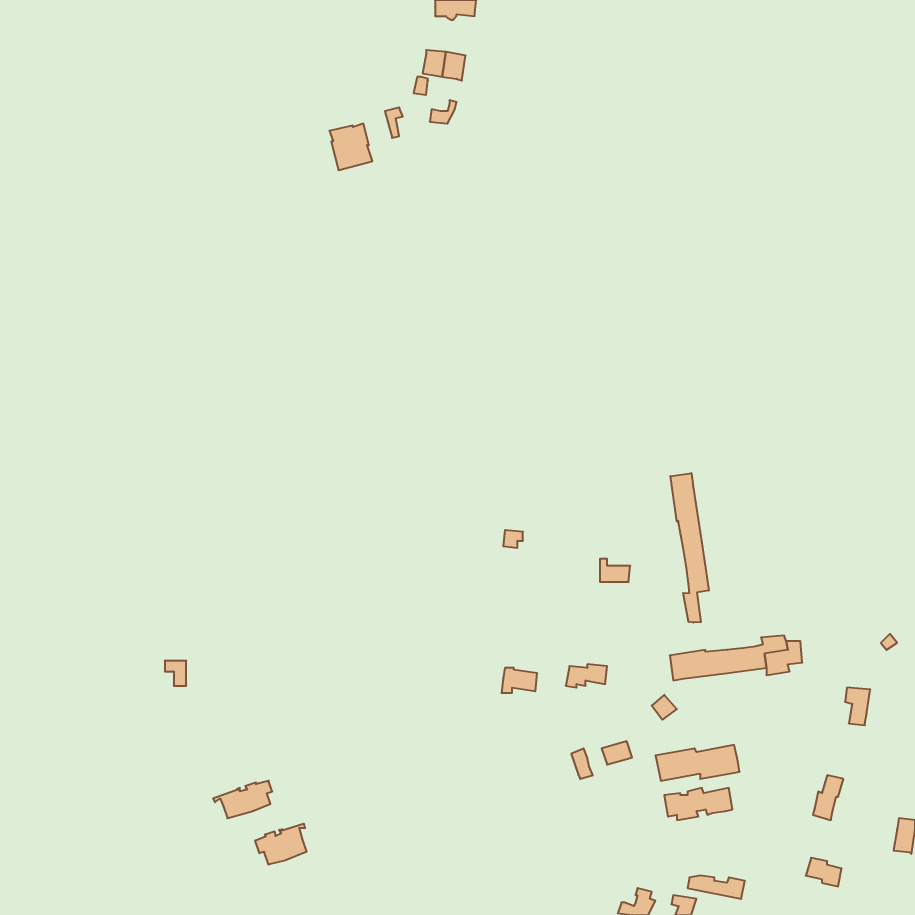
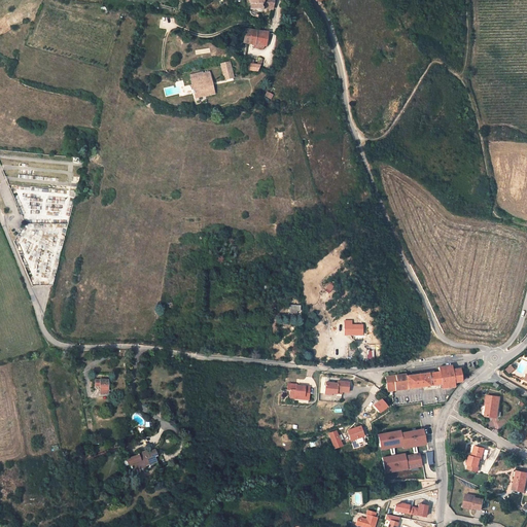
building: [670,473,709,623] -> none
building: [255,824,306,865] -> none

